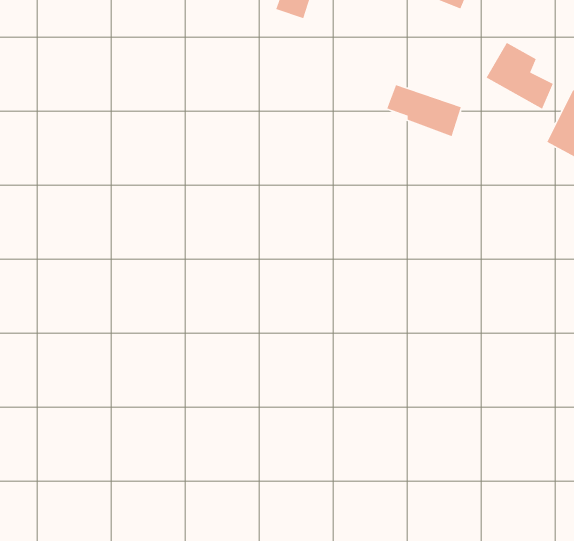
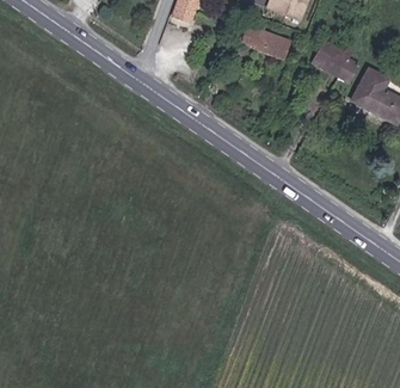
building: [386,84,462,137] -> [240,26,288,60]

